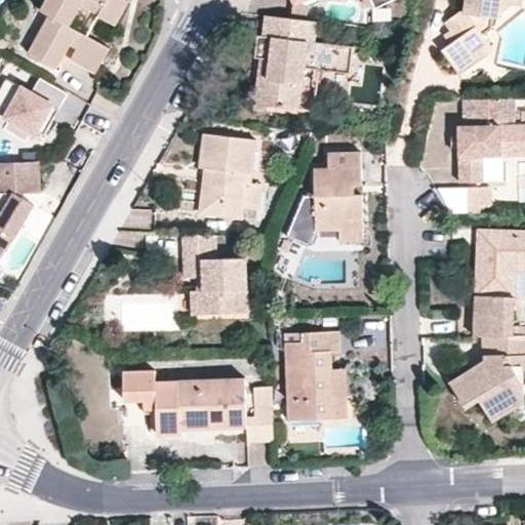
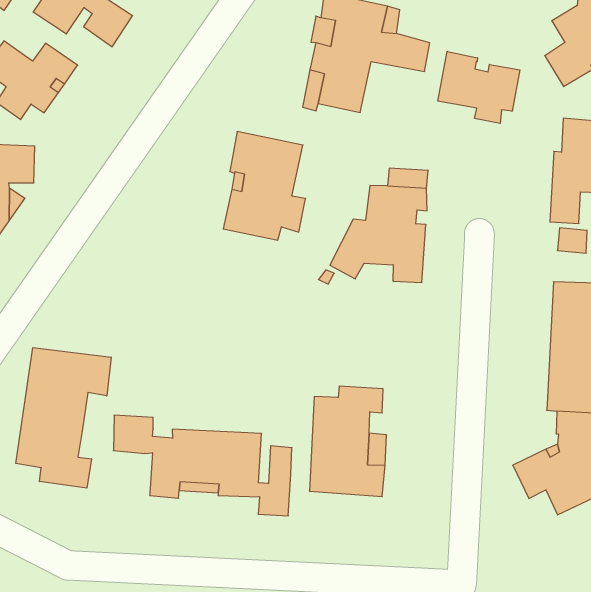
building: none -> [438,51,520,123]
building: [183,258,248,314] -> none
building: none -> [16,348,111,488]

